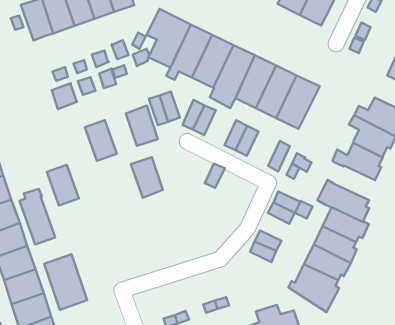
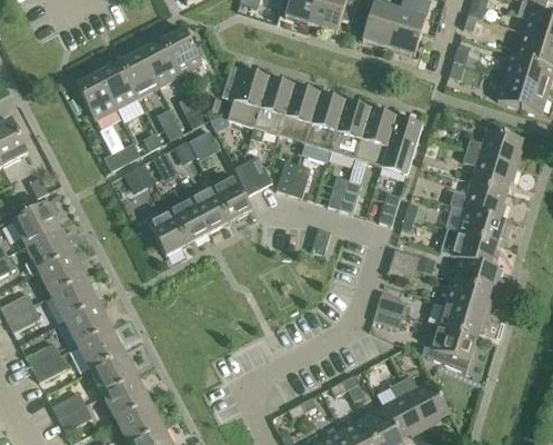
building: [131,157,163,198] -> [189,186,229,233]
building: [47,165,79,206] -> [147,208,187,255]
building: none -> [456,207,509,241]
building: [19,189,55,245] -> none
building: [44,254,87,310] -> none

